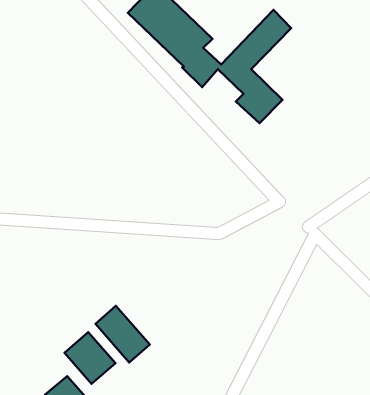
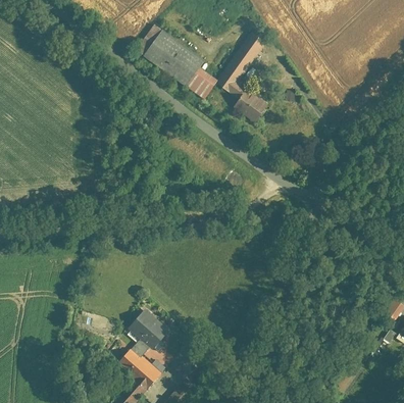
building: [95,306,150,363] -> none

